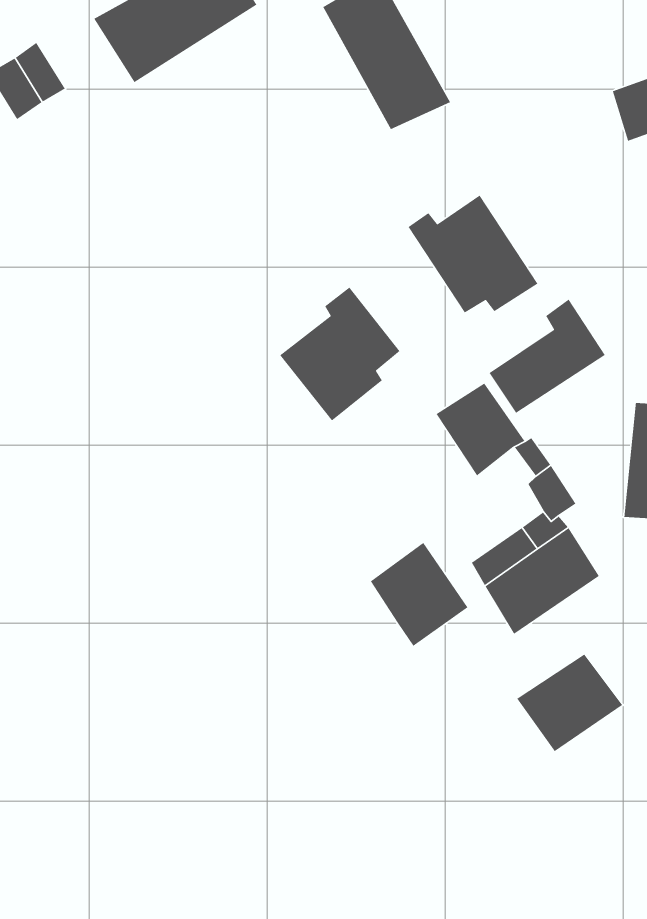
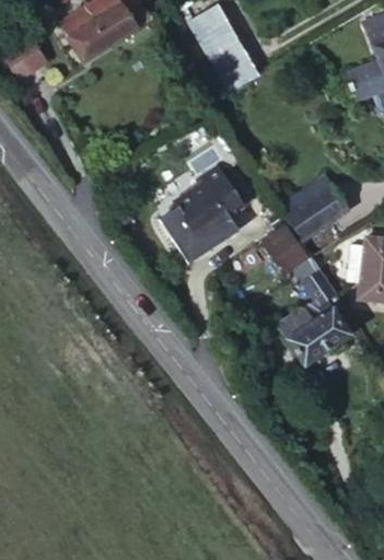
building: [408,194,538,313] -> none
building: [370,542,468,647] -> none
building: [516,654,623,752] -> none

